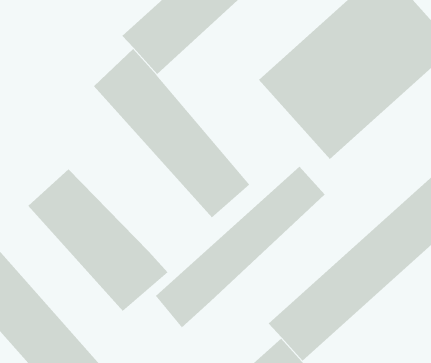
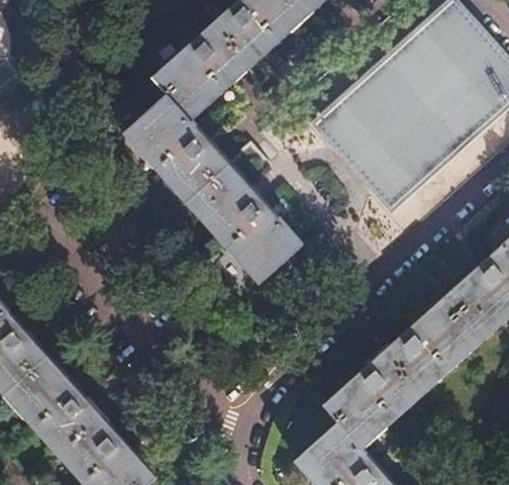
building: [155,166,326,328] -> none
building: [27,168,168,312] -> none

